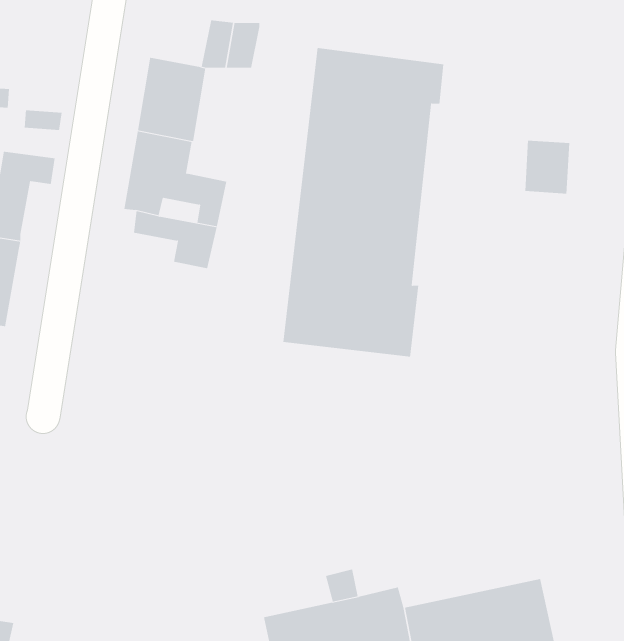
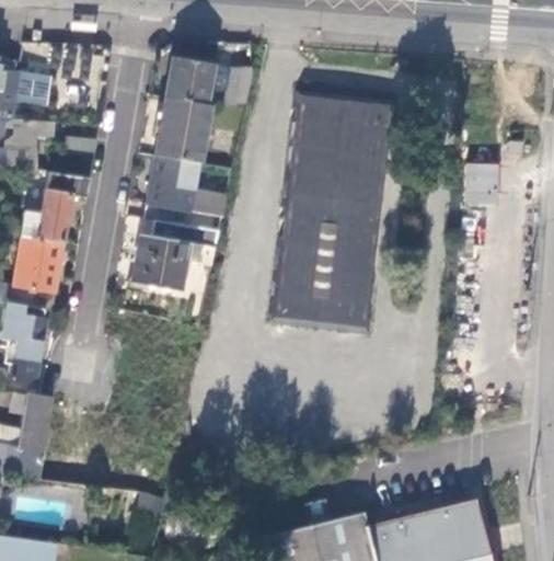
building: none -> [165,56,213,104]
building: none -> [128,233,187,290]

